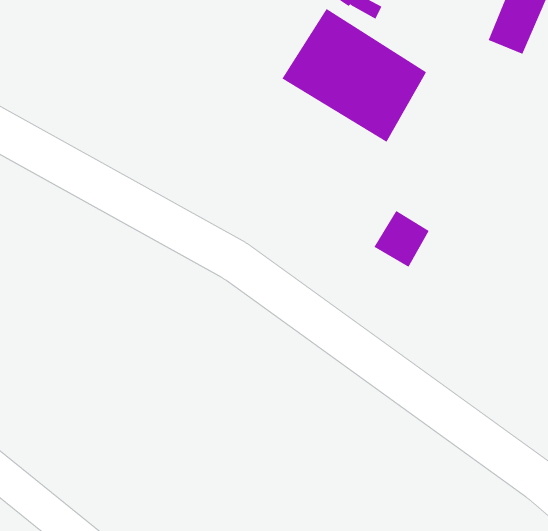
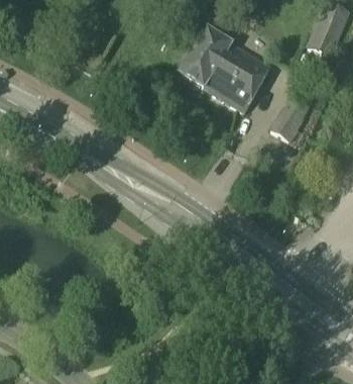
building: [374,210,430,268] -> [269,104,305,140]

